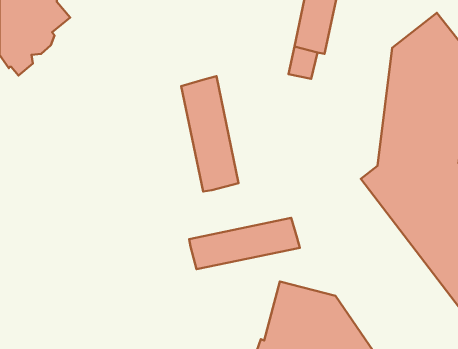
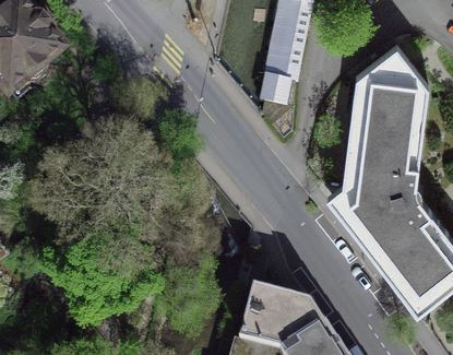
building: [181,76,238,192] -> none
building: [189,218,300,269] -> none

